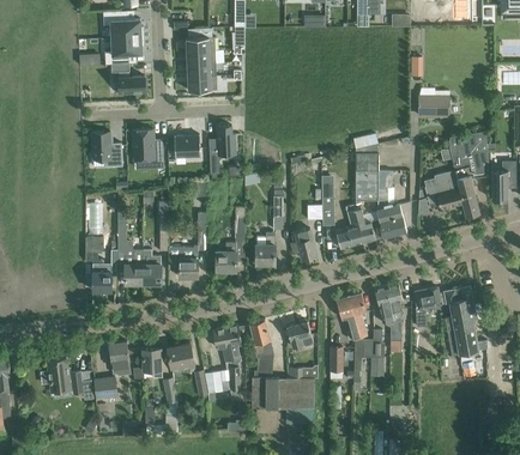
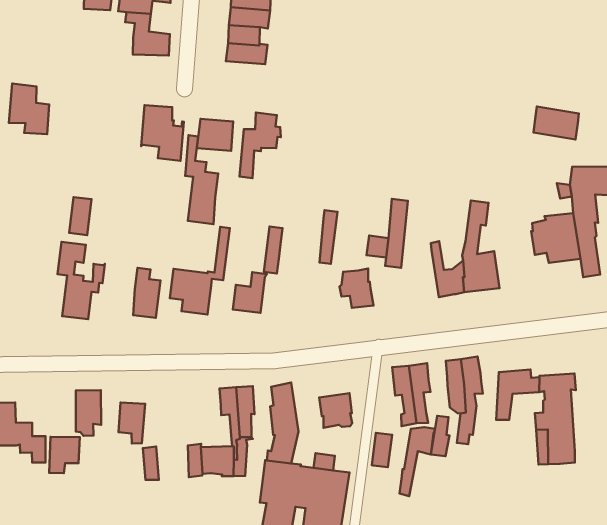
building: [92,132,122,166] -> [9,83,49,134]
building: [355,144,379,201] -> none
building: [335,206,364,249] -> none
building: [117,222,144,284] -> [185,135,218,224]
building: [256,232,276,263] -> none
building: [168,344,195,374] -> none

